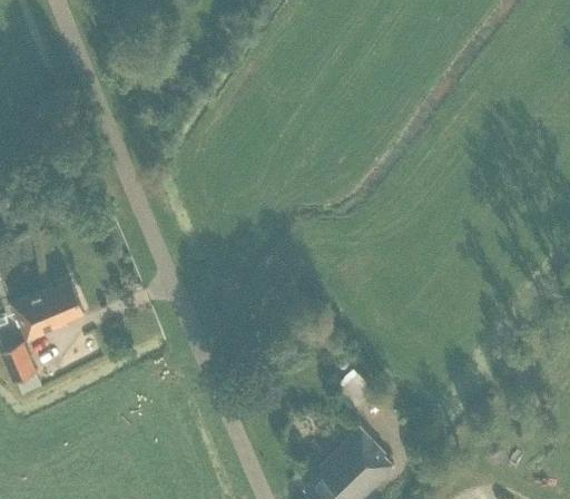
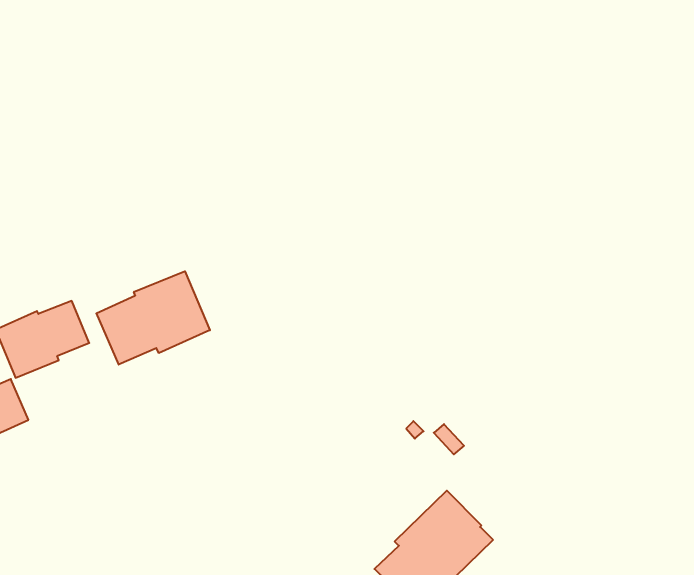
building: none -> [96,271,210,365]

